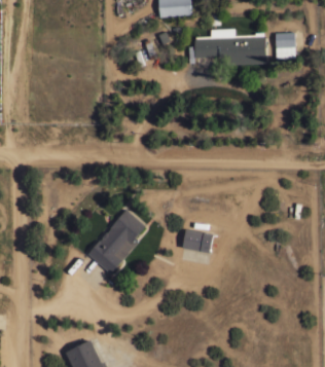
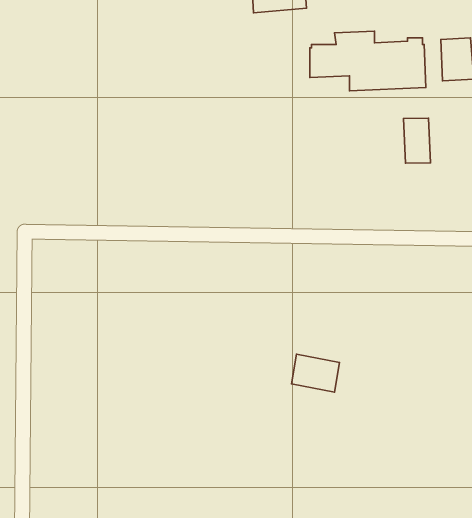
building: none -> [404,118,430,163]
building: [87,209,146,273] -> none

